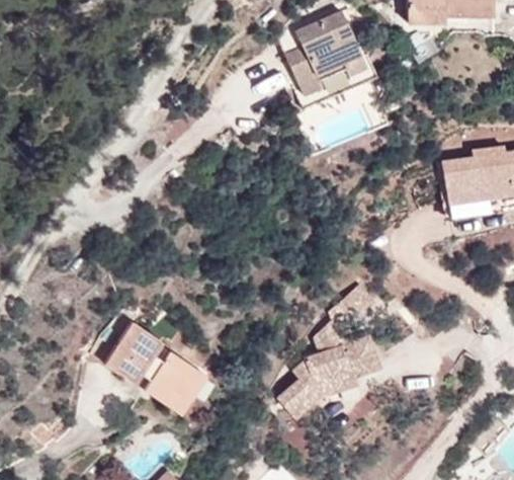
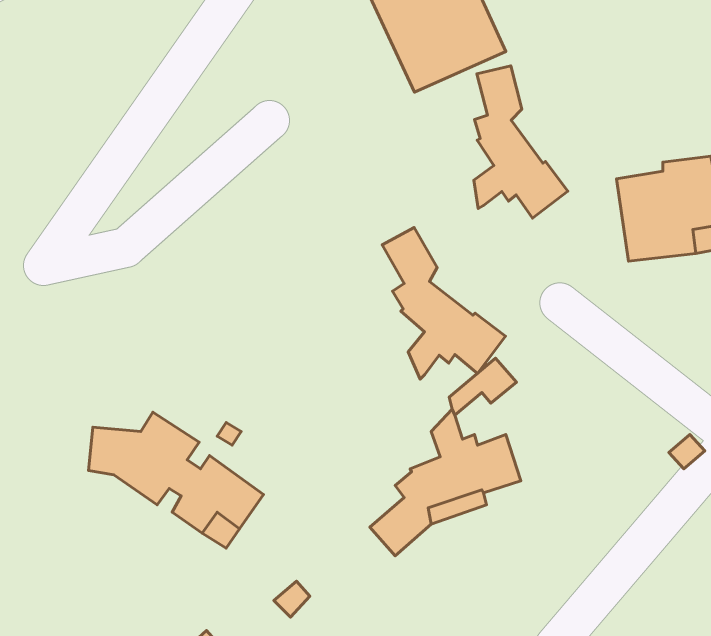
building: none -> [474,66,568,218]
building: none -> [382,227,505,379]

